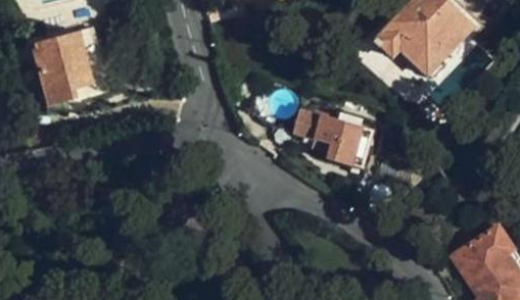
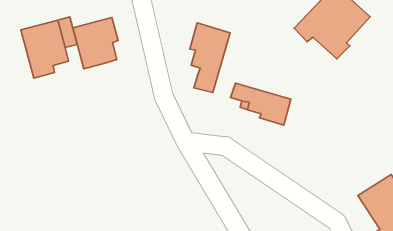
building: none -> [73,17,118,69]
building: none -> [190,23,230,93]

